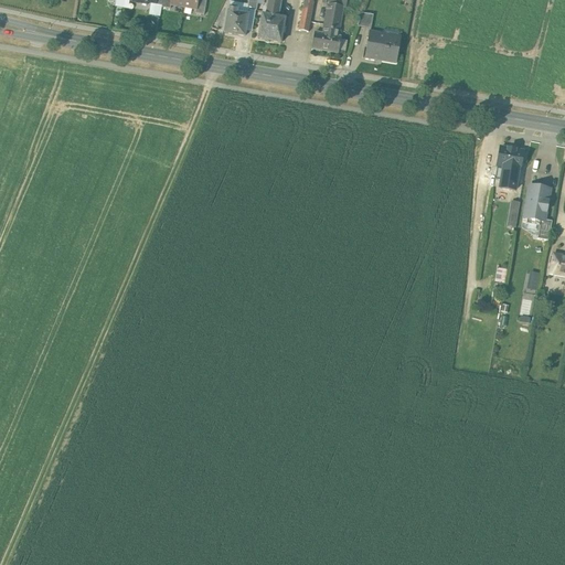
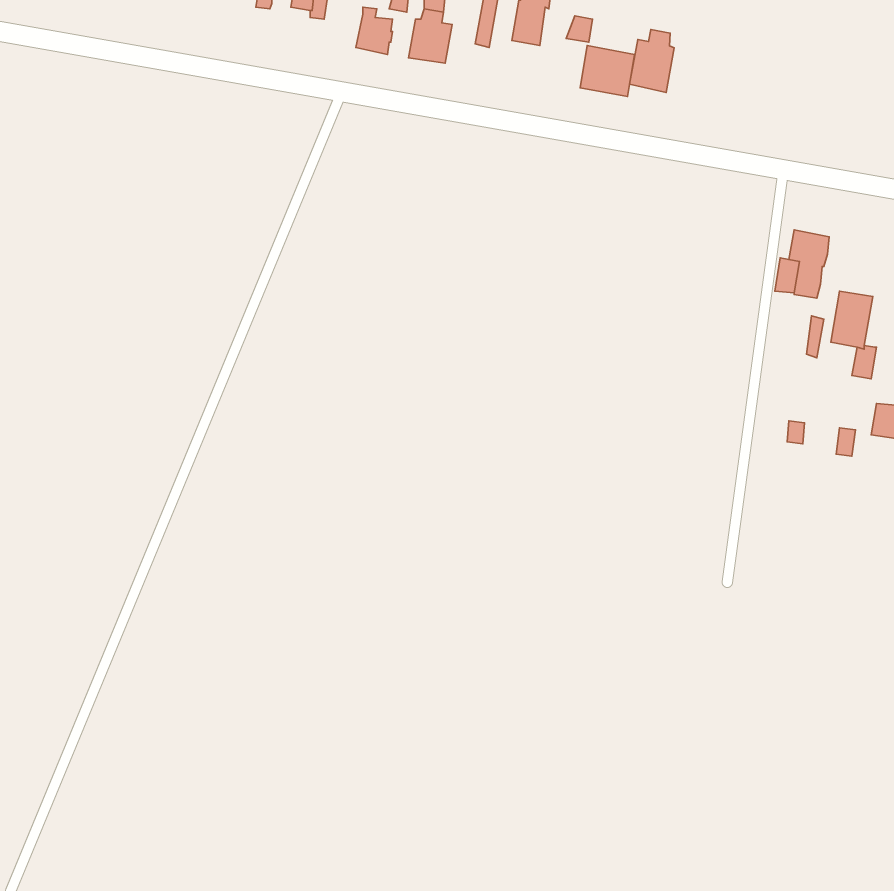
building: none -> [630,30,674,93]
building: [312,25,342,51] -> none

